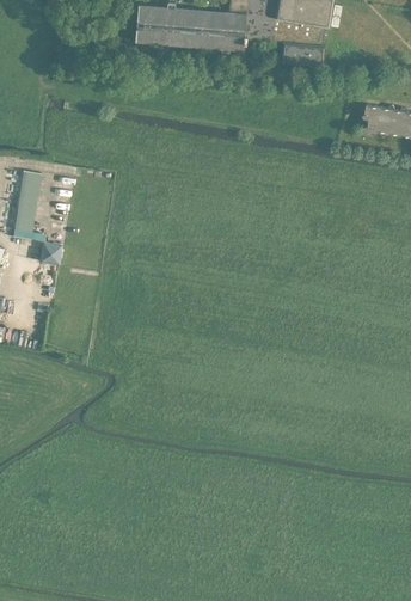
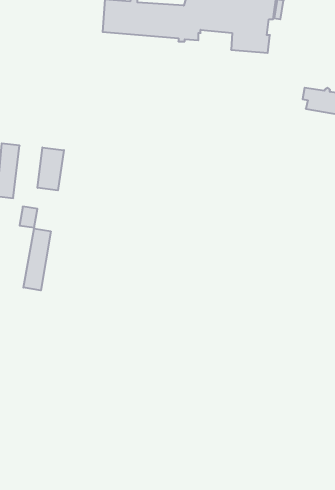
building: none -> [38,147,64,190]
building: none -> [23,229,51,290]

